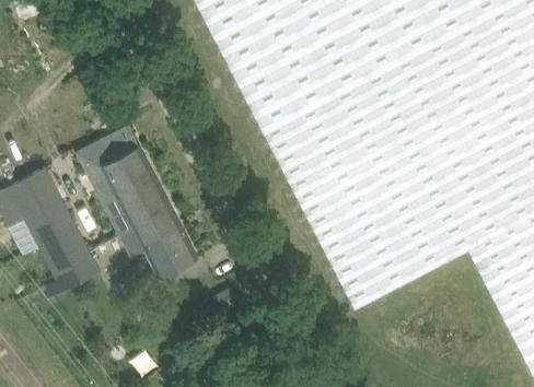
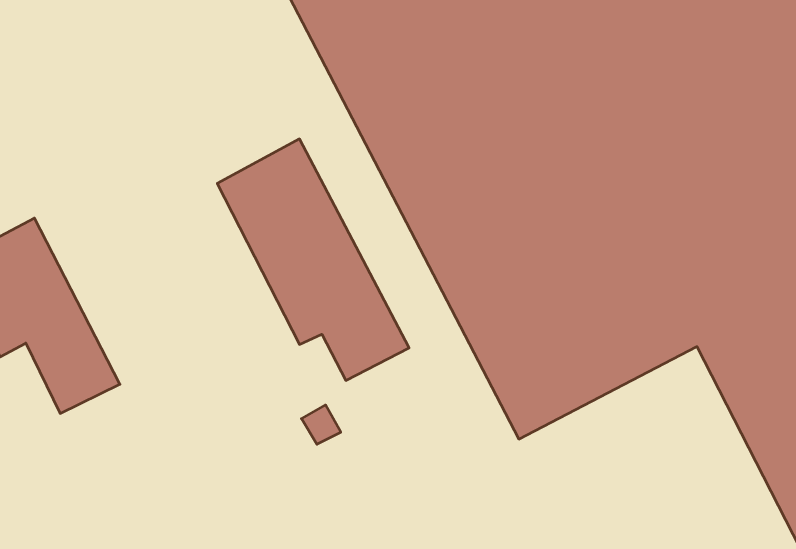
building: [76,121,198,275] -> [217,139,409,380]

